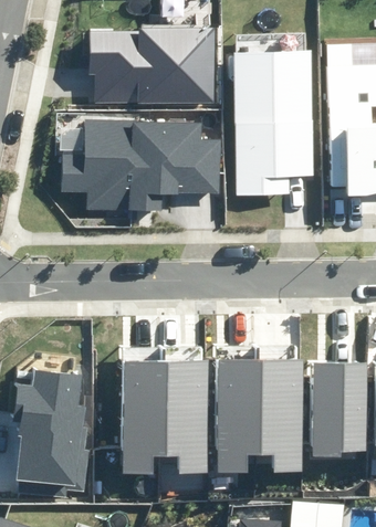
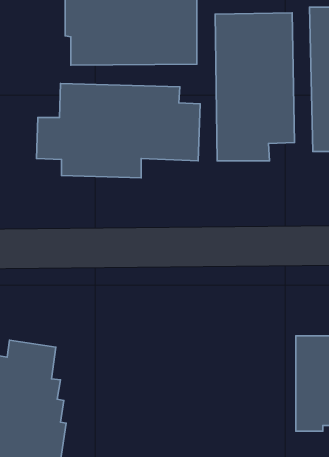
building: [216,359,302,472] -> none
building: [123,360,208,475] -> none

